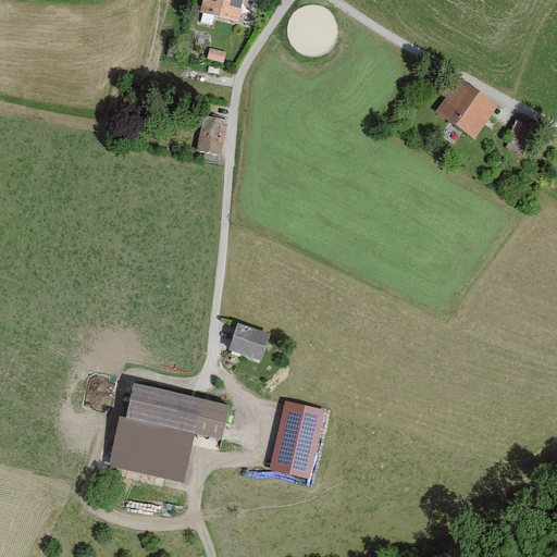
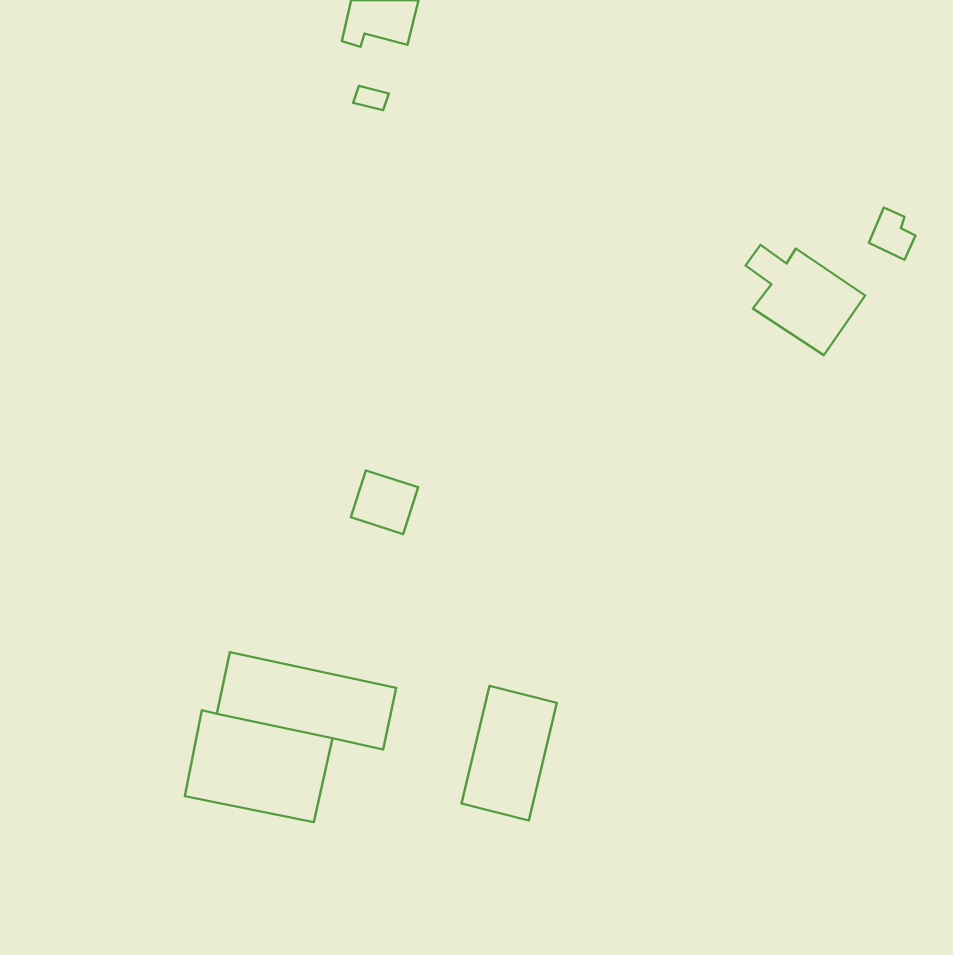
building: [429,78,498,143] -> [745,245,865,355]
building: [196,119,225,164] -> none
building: [230,321,269,358] -> [351,470,418,534]

